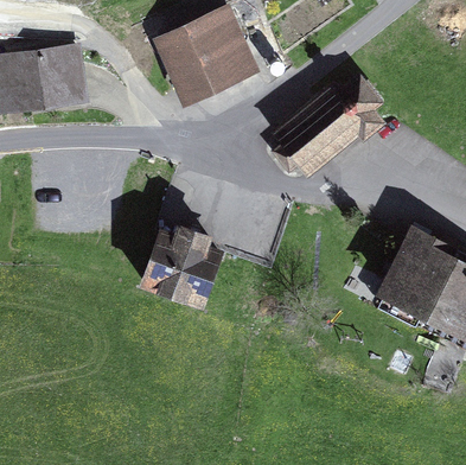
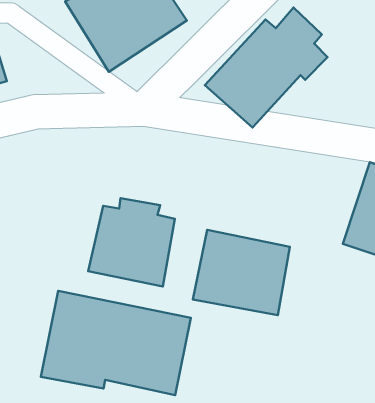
building: none -> [193,230,290,315]
building: none -> [41,291,191,395]

